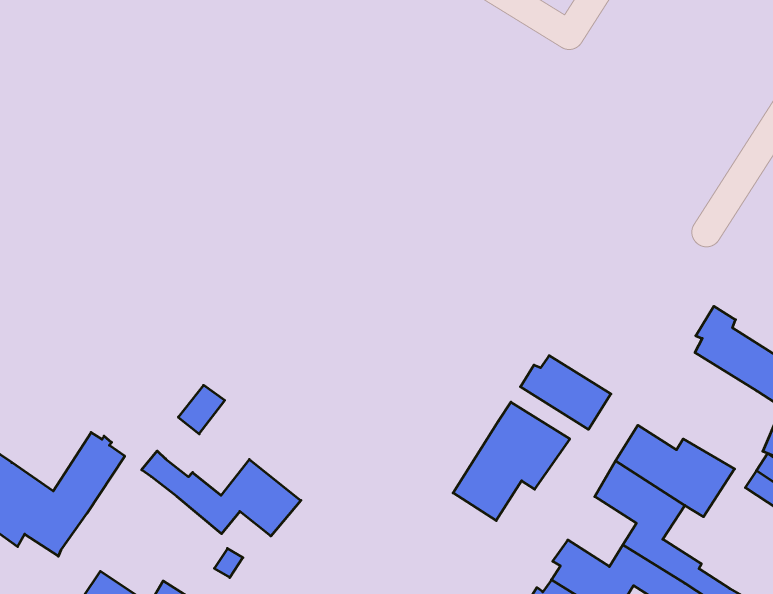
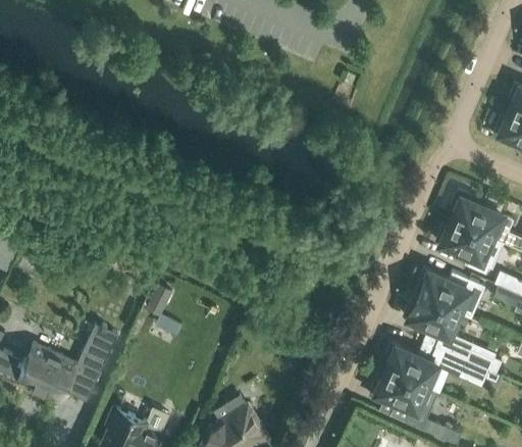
building: [520,356,611,429] -> [437,220,492,261]
building: [453,402,570,521] -> none
building: [142,451,301,536] -> none

